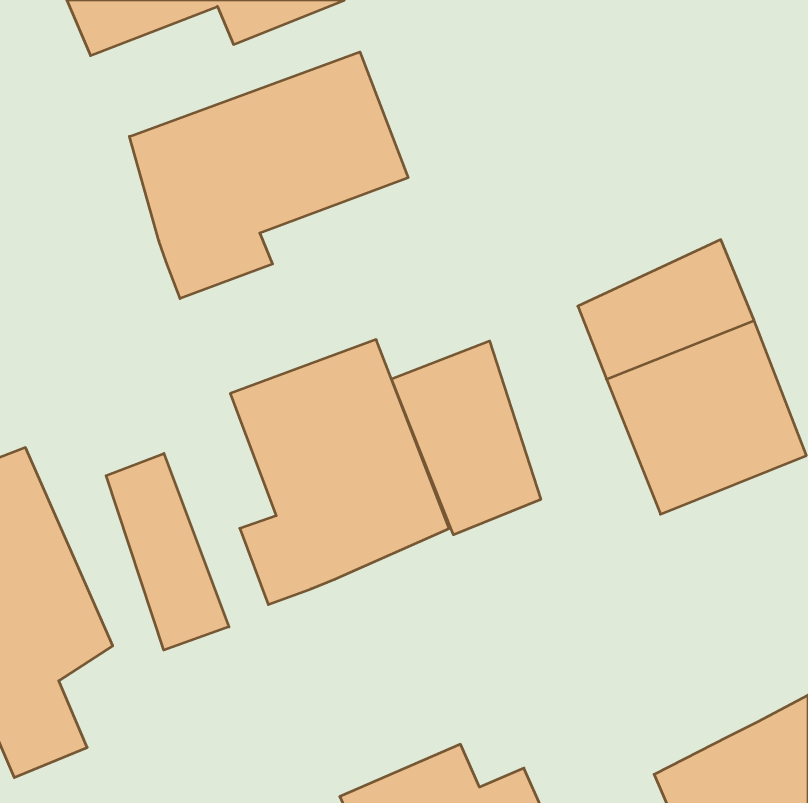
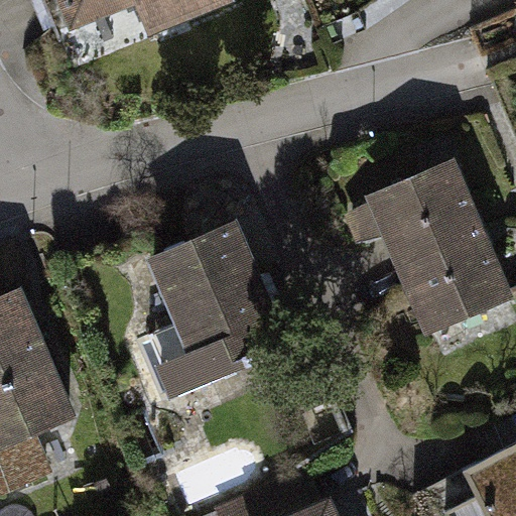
building: [129,52,408,299] -> none
building: [391,341,541,535] -> none
building: [106,453,229,650] -> none

